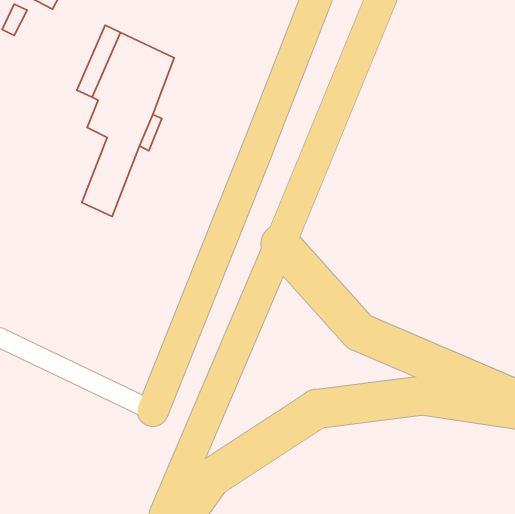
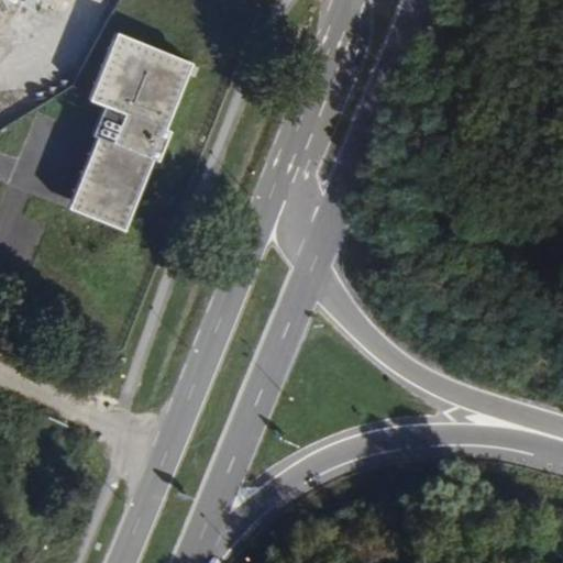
building: none -> [68,139,119,220]

